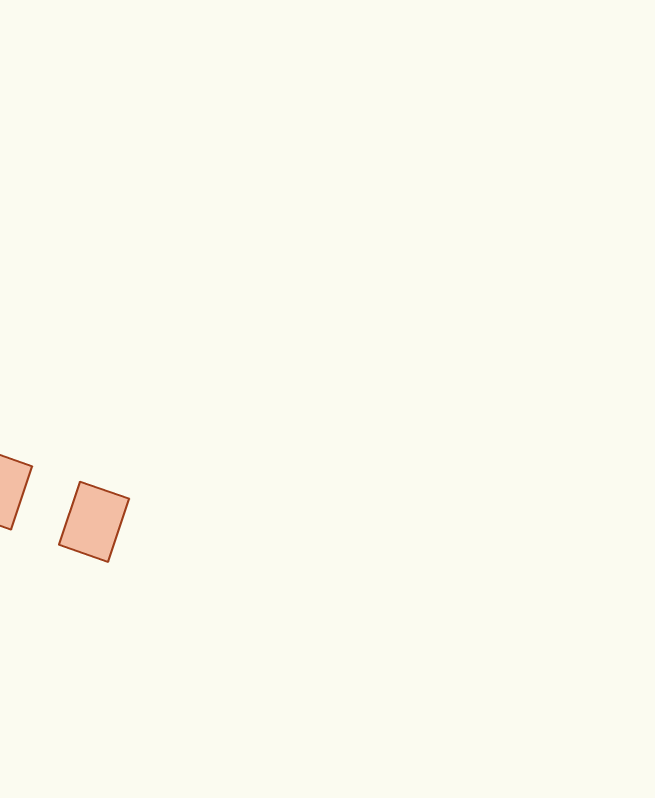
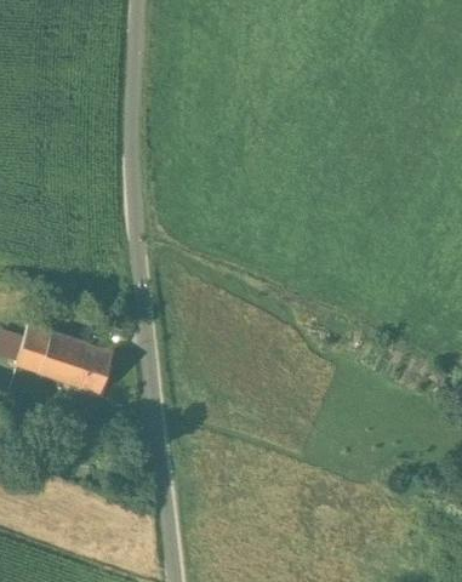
building: none -> [38,332,81,382]

